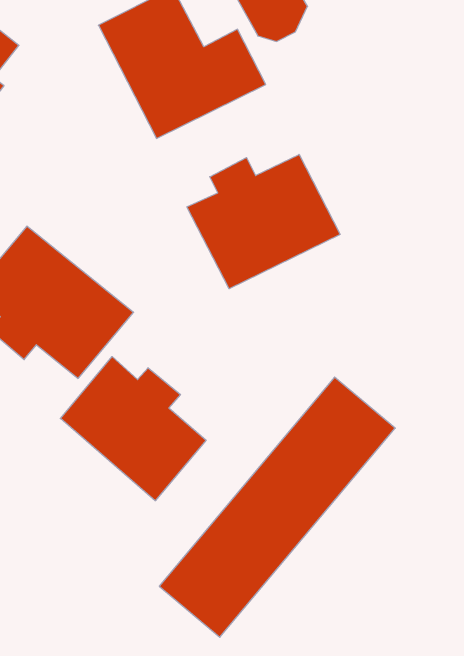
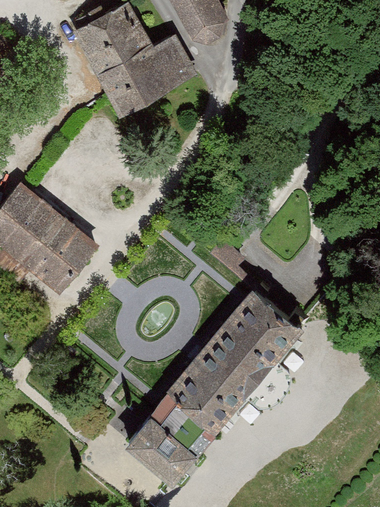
building: [187,154,340,289] -> none
building: [60,357,206,501] -> none

